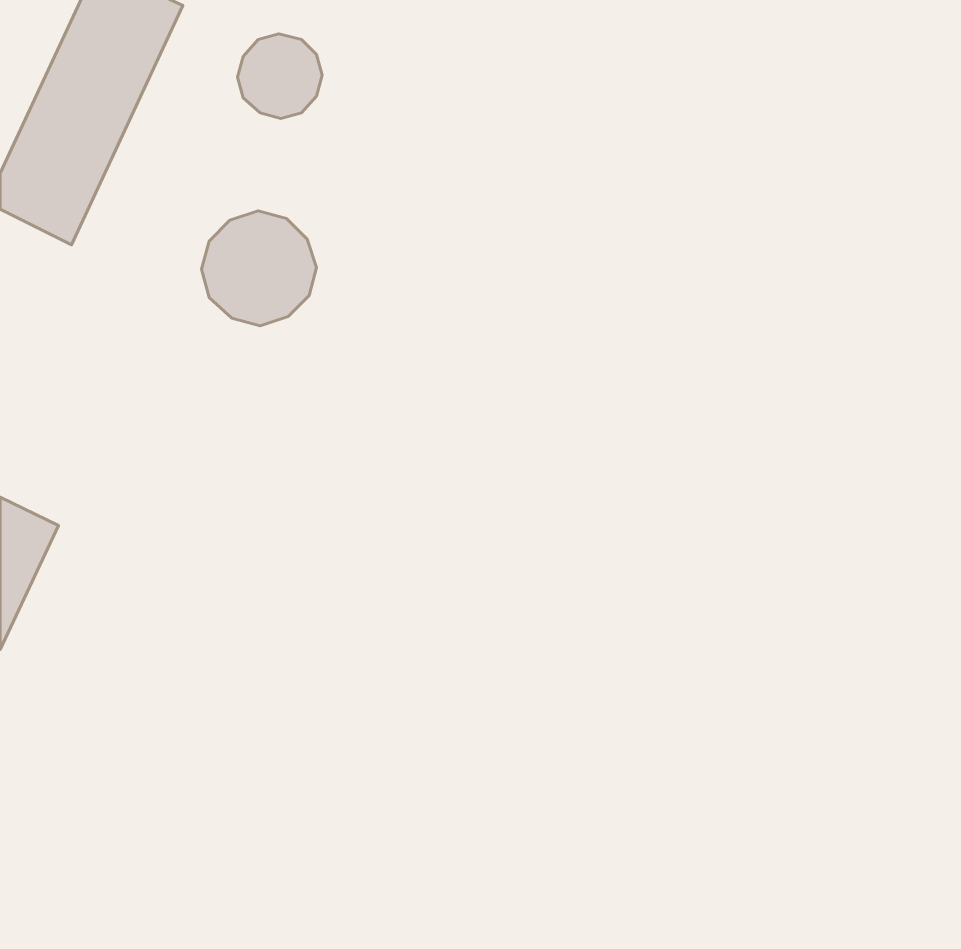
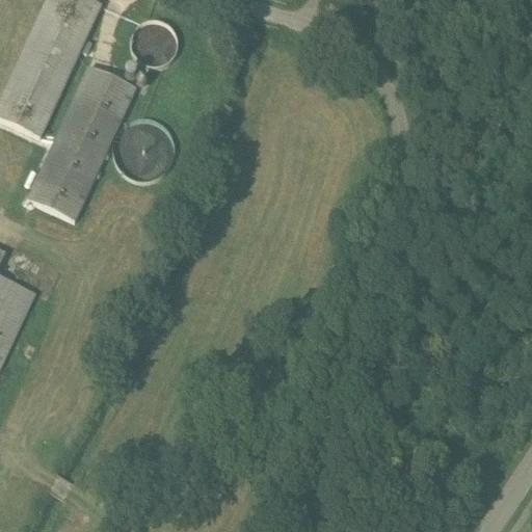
building: none -> [27,64,136,218]

